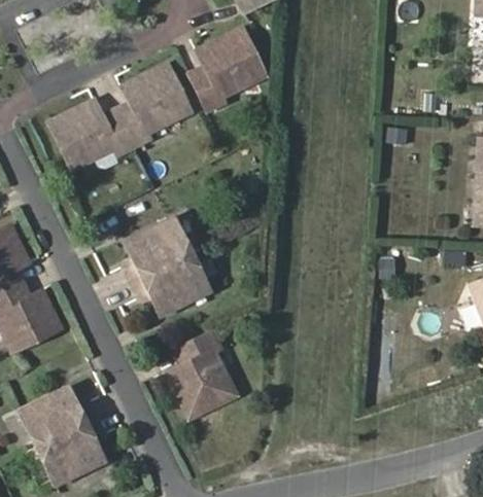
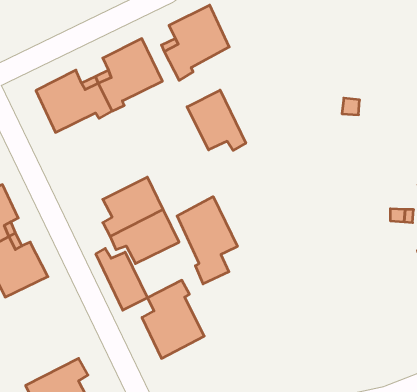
building: none -> [187,90,246,150]
building: none -> [177,197,237,284]
building: none -> [96,248,147,310]
building: [21,387,98,449] -> none

